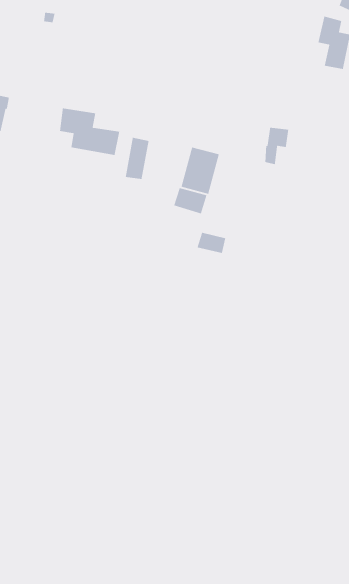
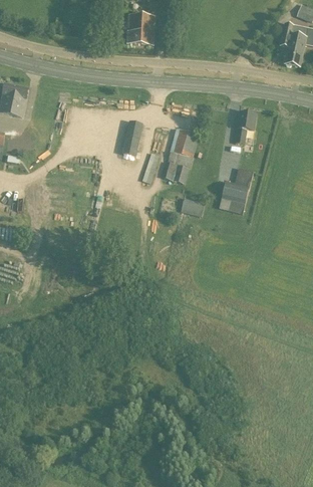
building: none -> [126,13,153,43]
building: [59,107,120,156] -> none
building: none -> [219,167,252,213]

